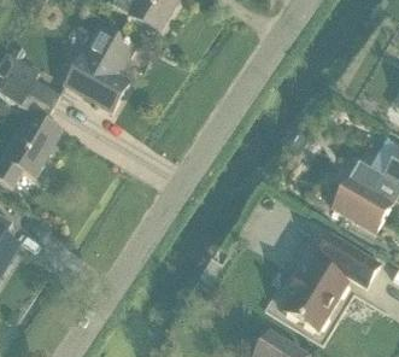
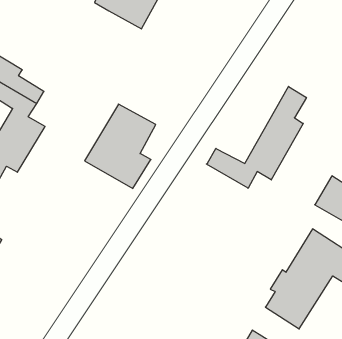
building: [63,24,134,109] -> [85,104,156,188]
building: none -> [206,86,306,188]

